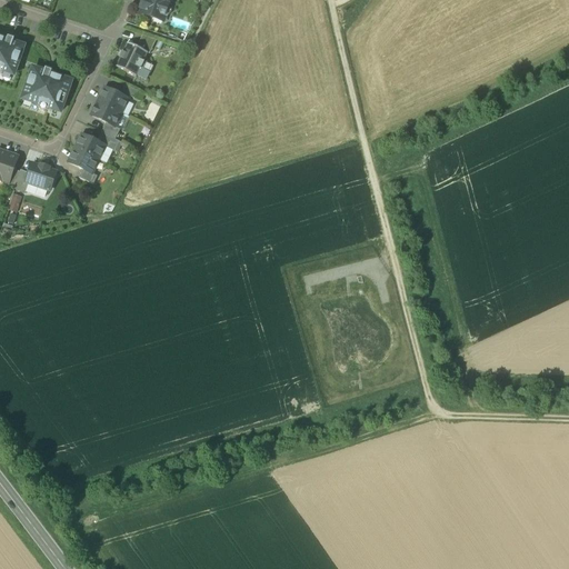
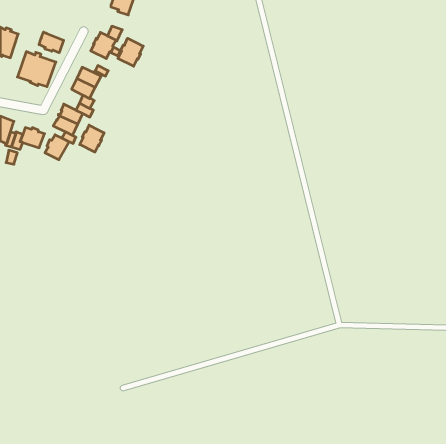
building: none -> [39,32,64,53]
building: none -> [118,38,143,66]
building: none -> [80,125,104,152]
building: none -> [45,135,69,160]

